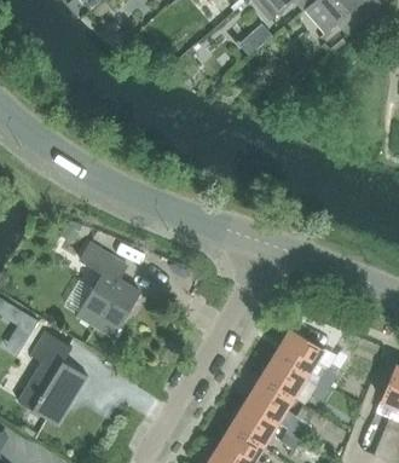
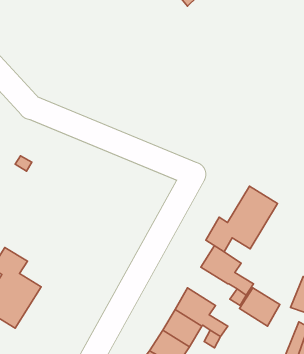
building: [76,244,139,338] -> none
building: none -> [206,186,277,252]
building: [259,354,306,399] -> [240,288,280,326]

